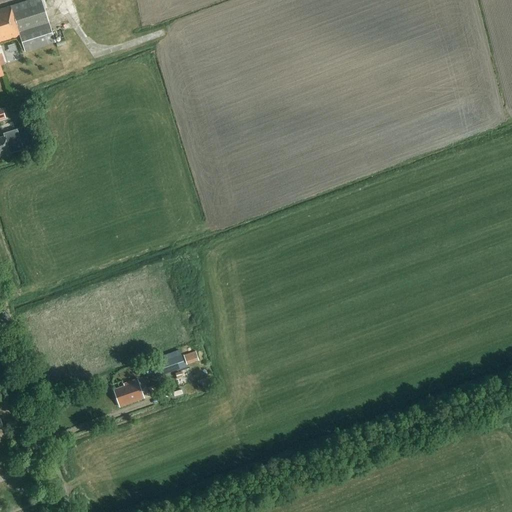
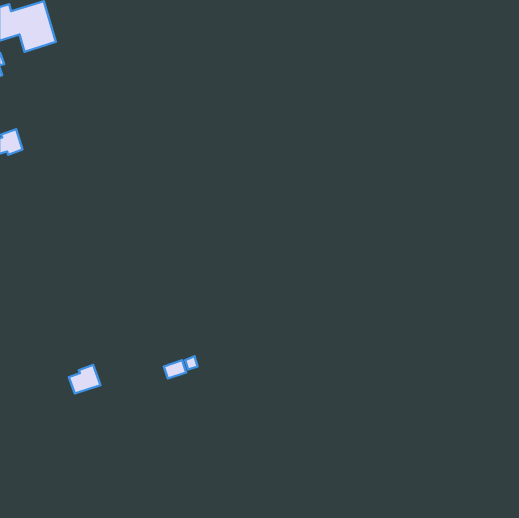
building: [112,377,143,405] -> [69,365,100,393]

